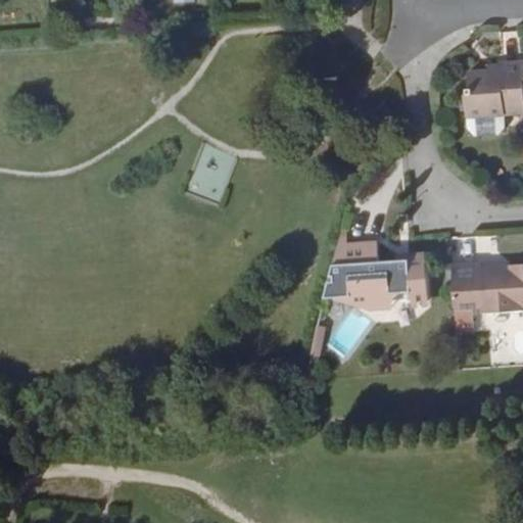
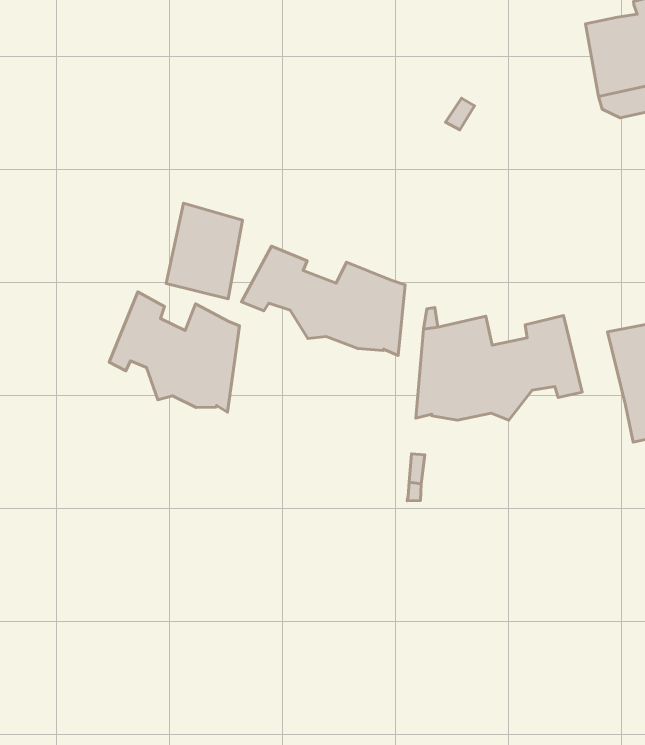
building: none -> [241,246,405,356]
building: none -> [109,292,239,412]

